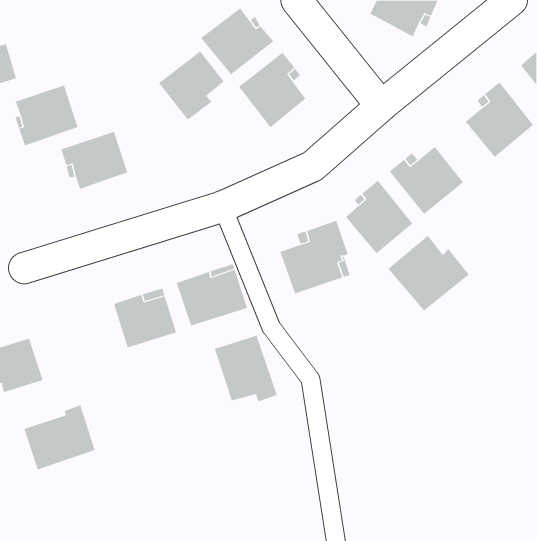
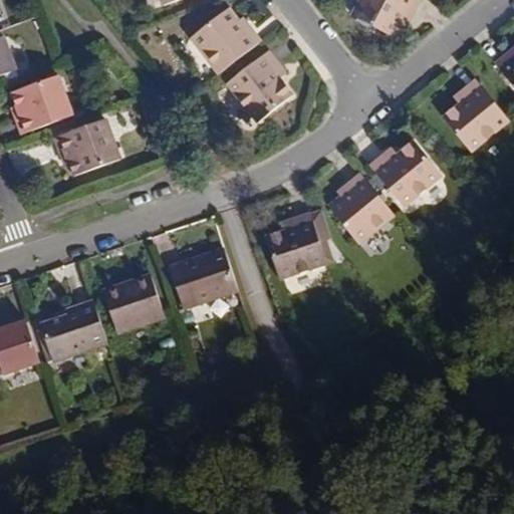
building: [158,50,225,120] -> none
building: [388,235,470,312] -> none
building: [214,335,277,402] -> none
building: [23,404,95,470] -> [41,299,109,361]

